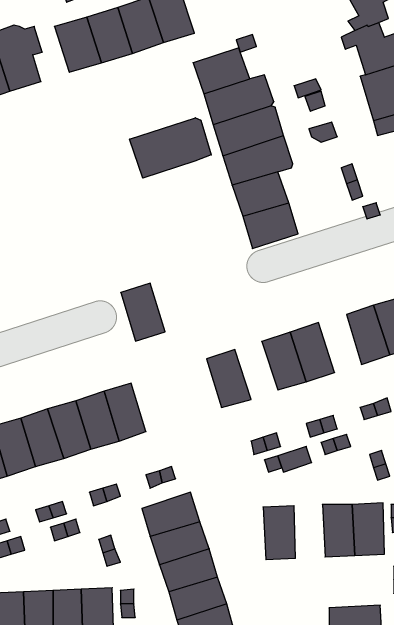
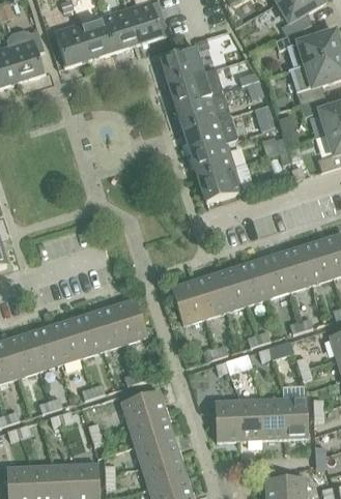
building: [130,118,211,178] -> none
building: [121,283,165,341] -> [113,298,147,343]
building: none -> [257,253,290,297]
building: none -> [193,273,226,318]
building: none -> [238,399,262,440]

